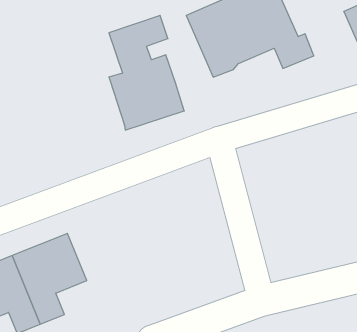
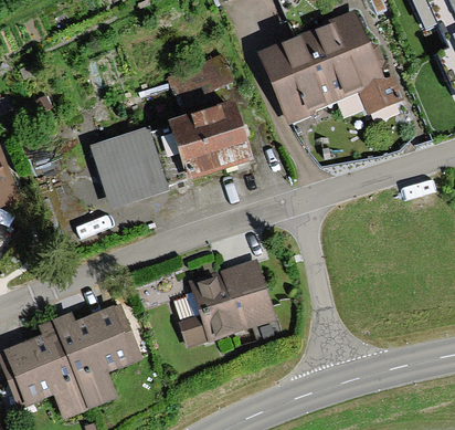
building: none -> [91,126,186,209]
building: none -> [178,258,277,347]

